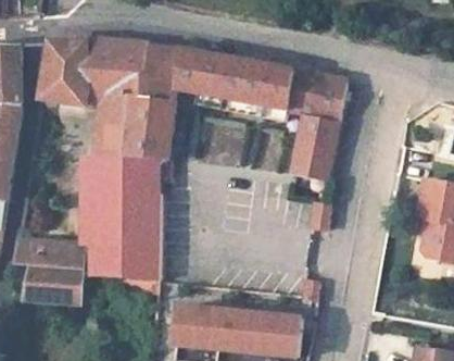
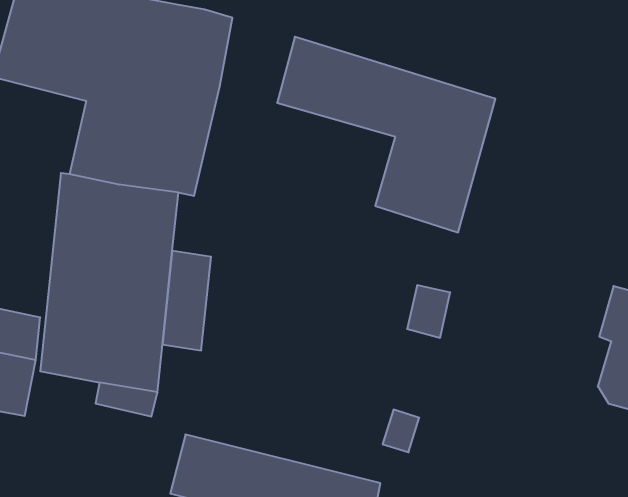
building: [177,47,219,96] -> none

